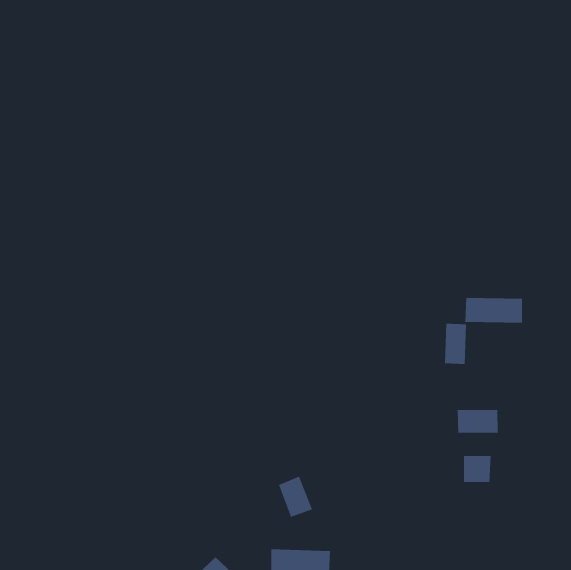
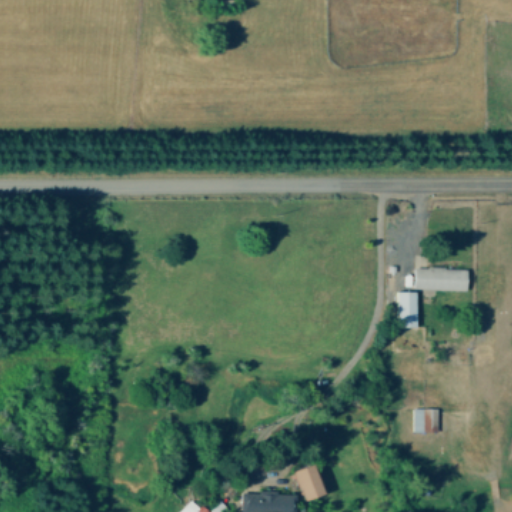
building: [457,409,498,434] -> none
building: [278,476,313,517] -> [295,464,326,501]

